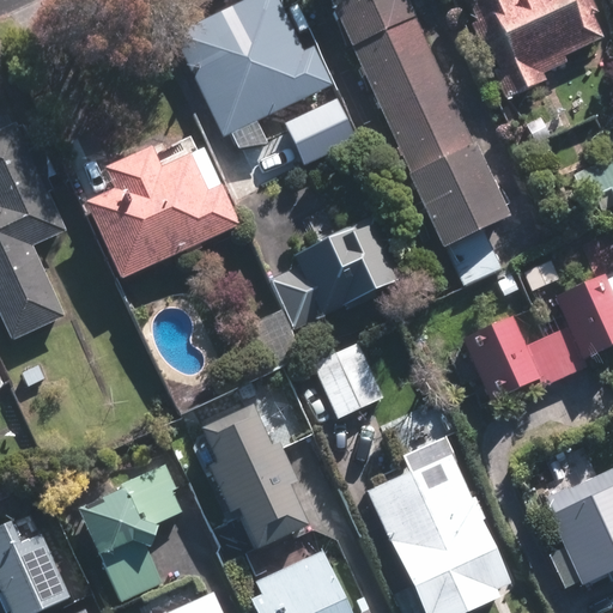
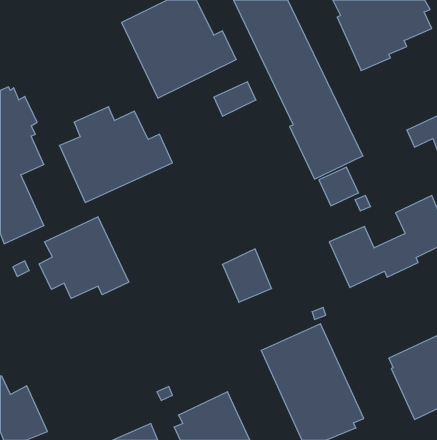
building: [273,214,406,326] -> none
building: none -> [39,217,129,298]
building: [202,409,302,540] -> none
building: [78,460,186,600] -> none

